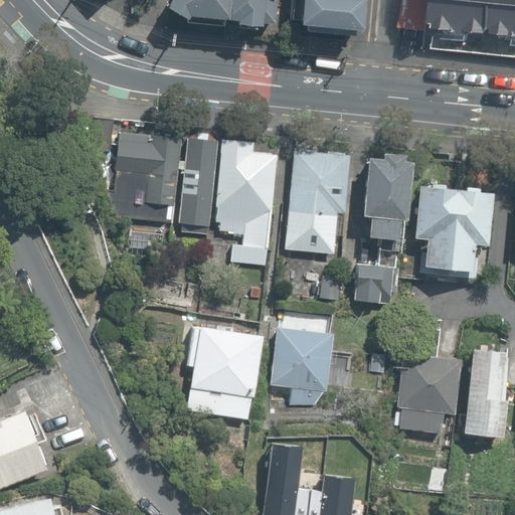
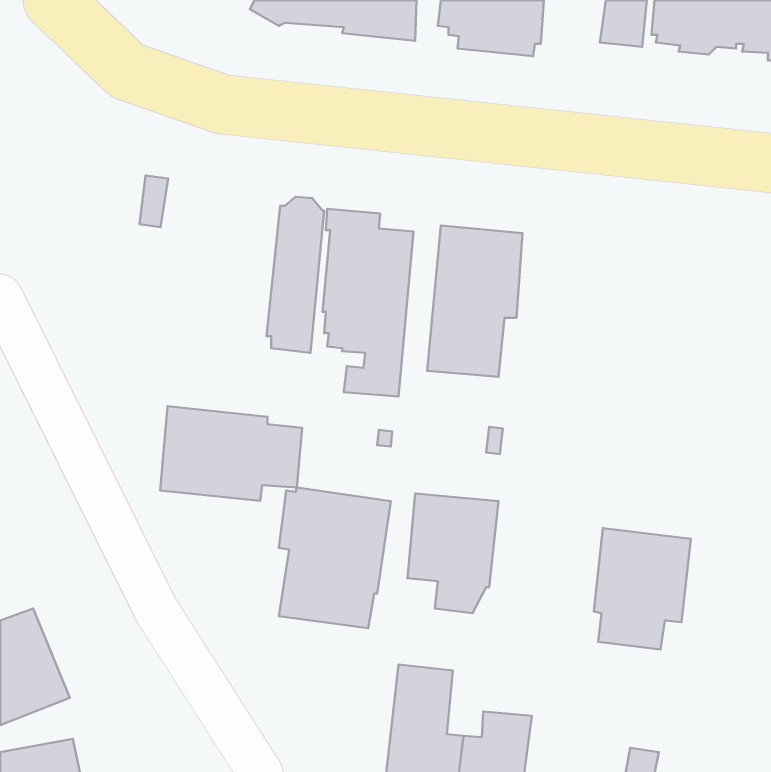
building: [106,132,182,224] -> none
building: [355,153,412,305] -> none
building: [414,186,494,279] -> none
building: none -> [160,406,302,501]
building: [465,348,509,437] -> none

